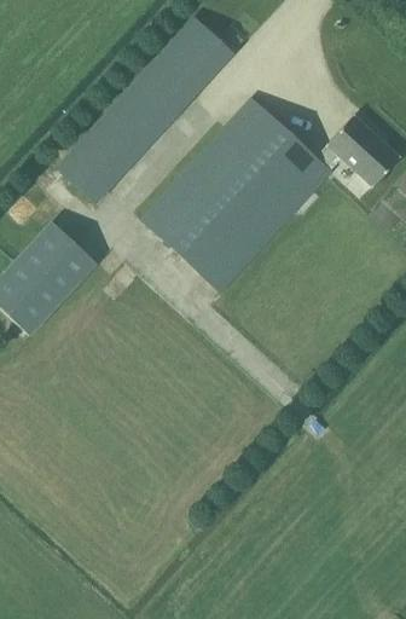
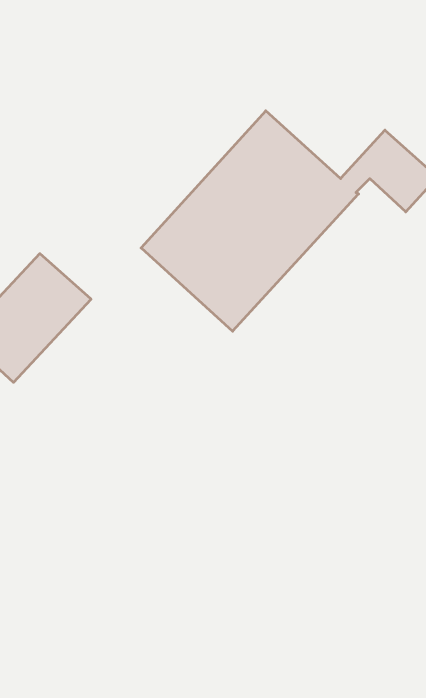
building: [57,17,232,203] -> none

